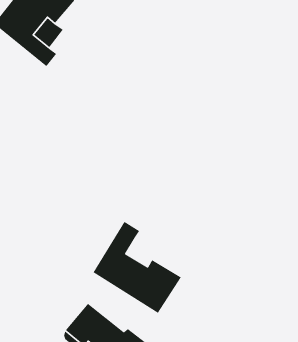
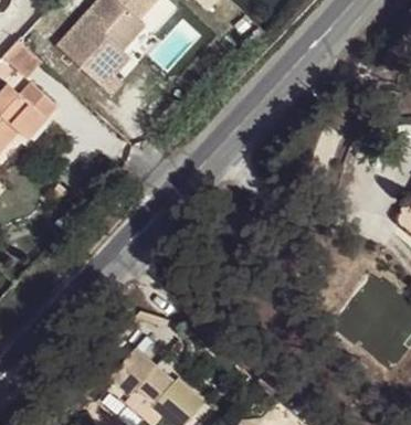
building: [92,221,182,314] -> none

